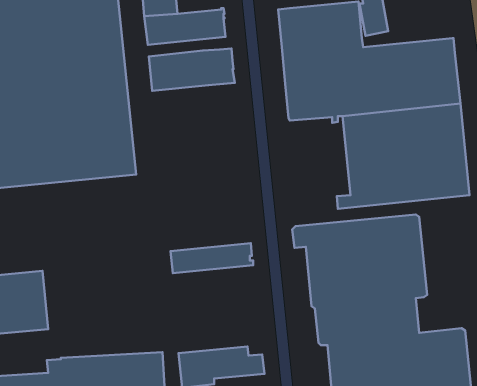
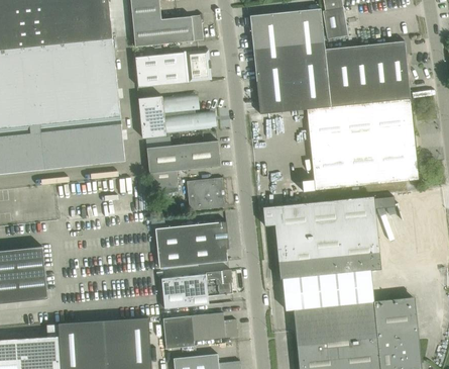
building: none -> [143,92,217,137]
building: none -> [146,141,220,194]
building: none -> [188,178,225,209]
building: none -> [157,241,229,268]
building: none -> [161,269,232,308]

